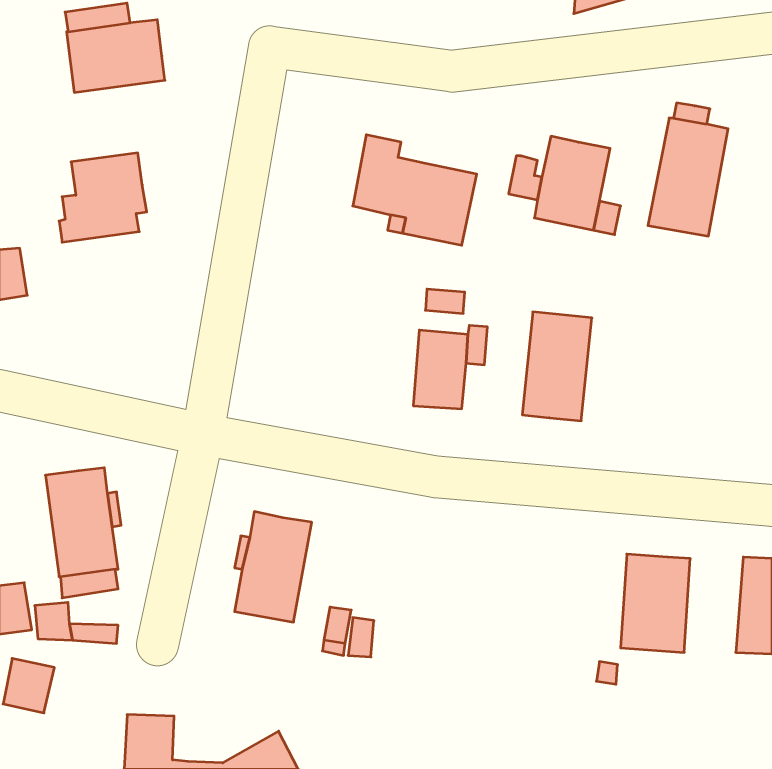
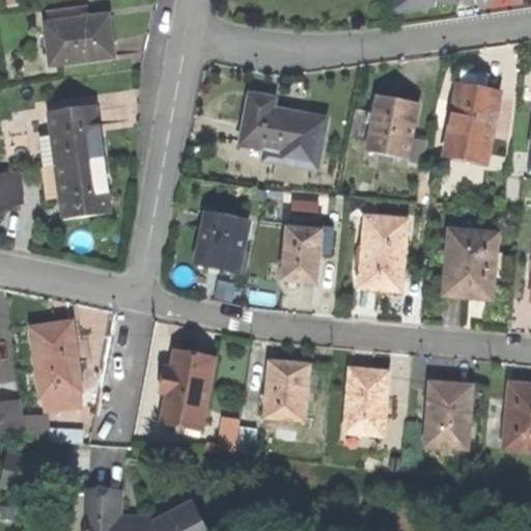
building: none -> [43,159,111,218]
building: none -> [196,209,250,272]
building: none -> [443,226,498,296]
building: none -> [264,360,308,418]
building: none -> [345,367,387,432]

